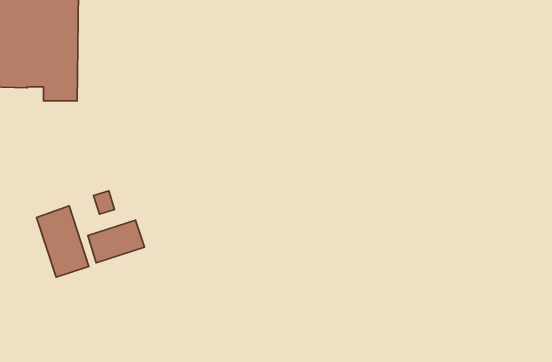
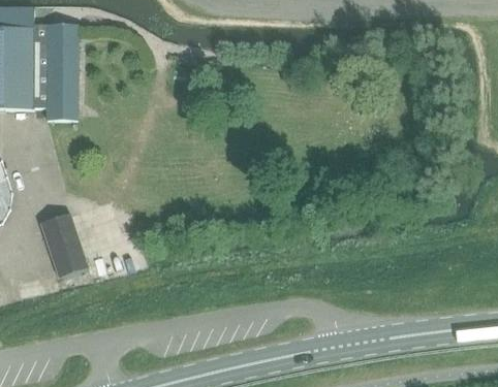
building: [88,220,144,263] -> none

